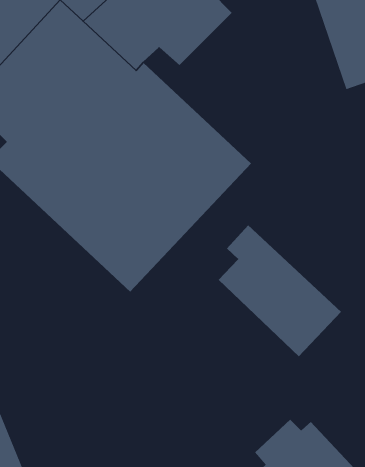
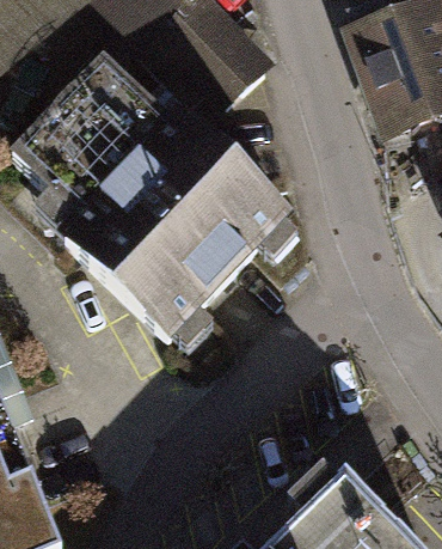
building: [218,225,342,357] -> none

